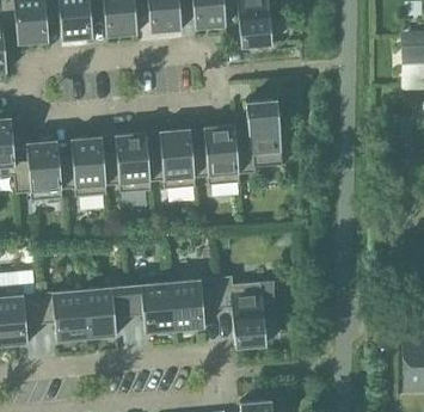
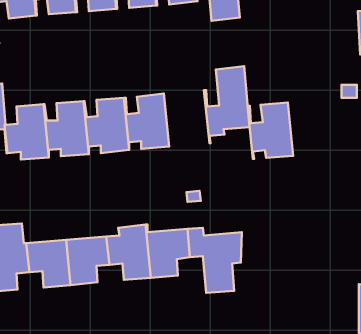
building: [189,125,239,187] -> [248,103,293,159]

